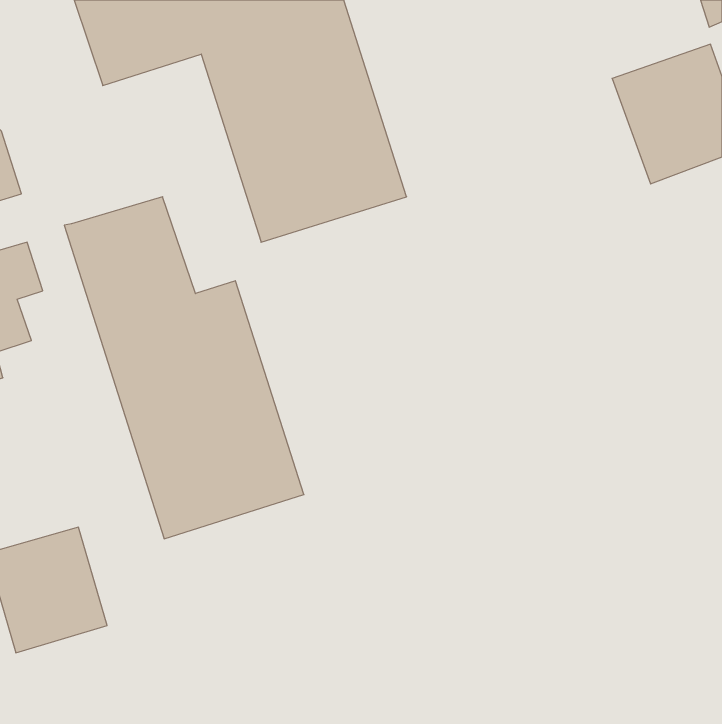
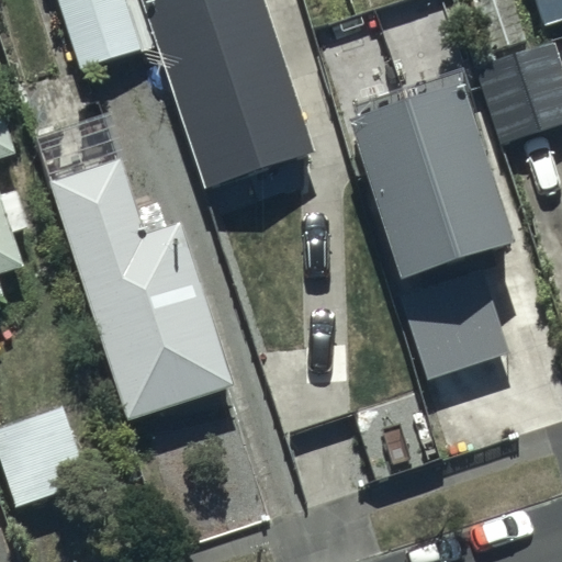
building: none -> [353,77,518,276]
building: none -> [398,268,507,378]

